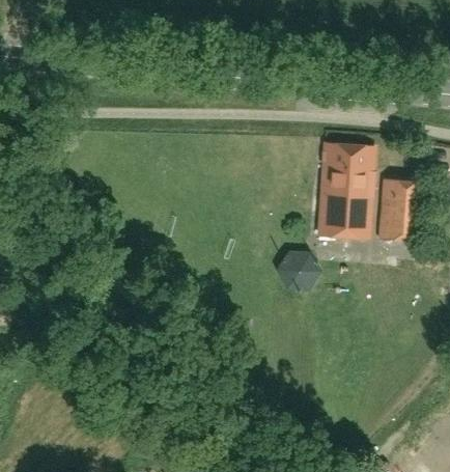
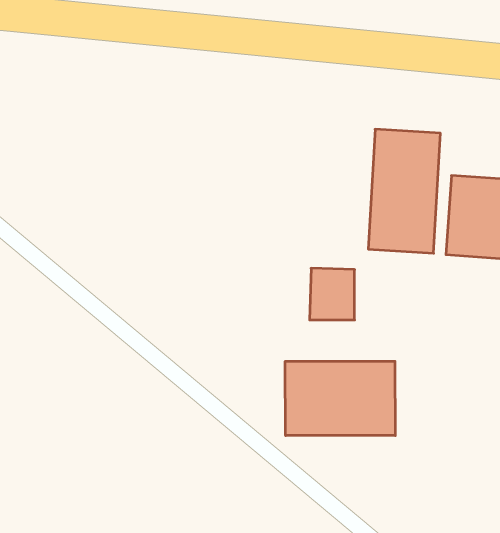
building: none -> [285,361,395,436]

